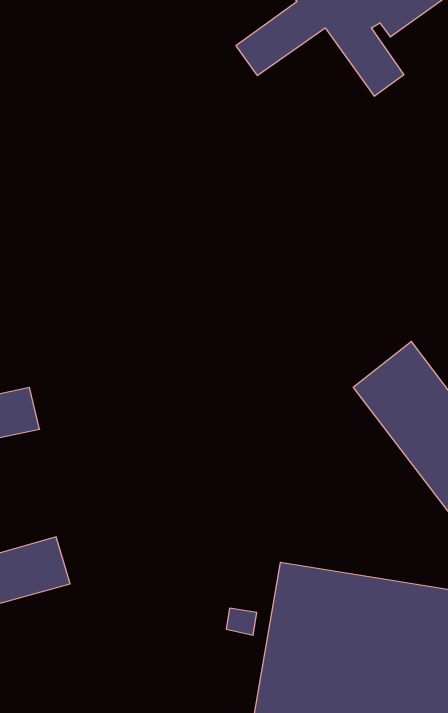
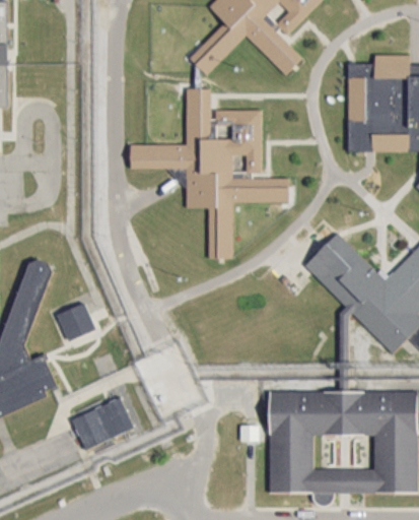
building: none -> [130,85,290,259]

